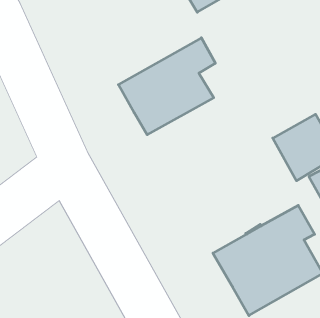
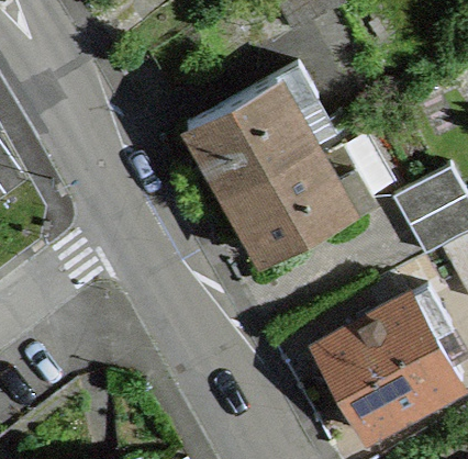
building: none -> [226,145,375,261]

